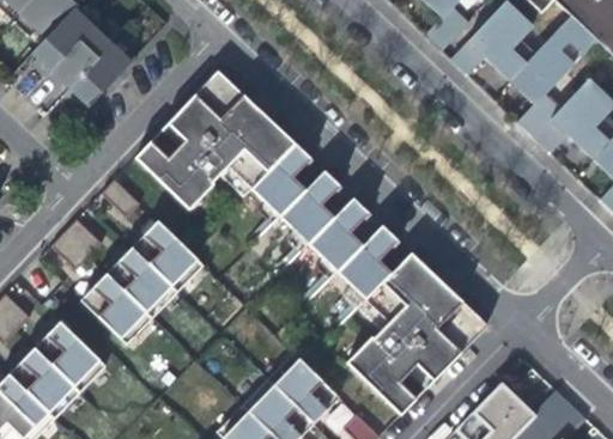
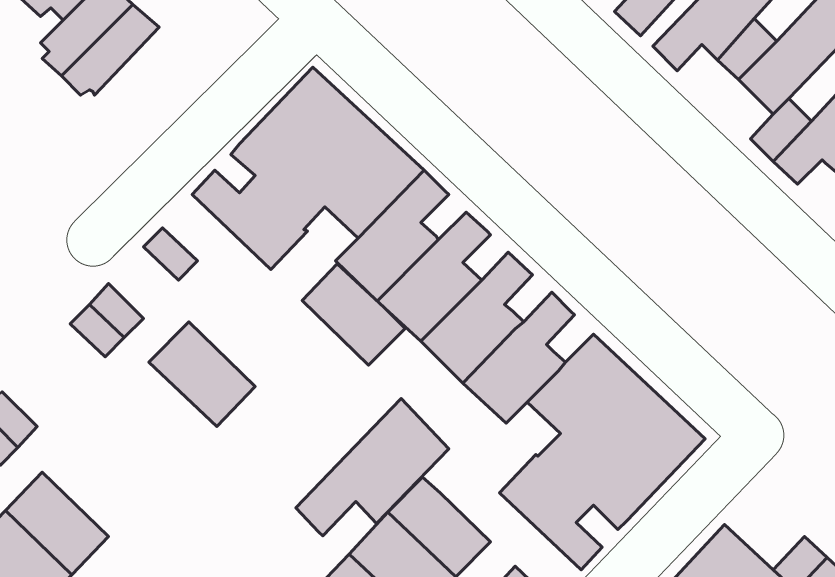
building: [65,42,133,106] -> none
building: [133,219,204,288] -> [302,264,405,365]
building: [79,272,152,343] -> none
building: none -> [296,399,449,536]
building: [32,321,104,391] -> none

